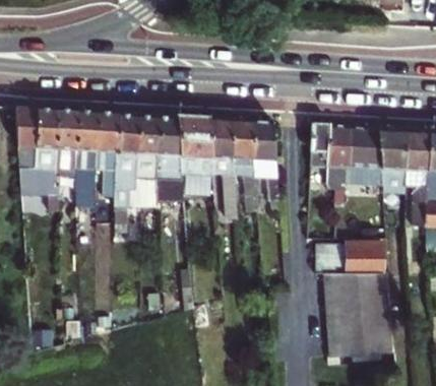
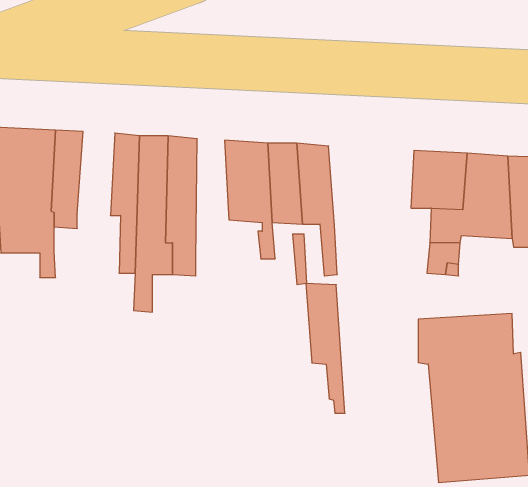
building: [75,110,102,218] -> none
building: [159,115,183,199] -> none
building: [252,120,279,211] -> [306,283,345,413]

